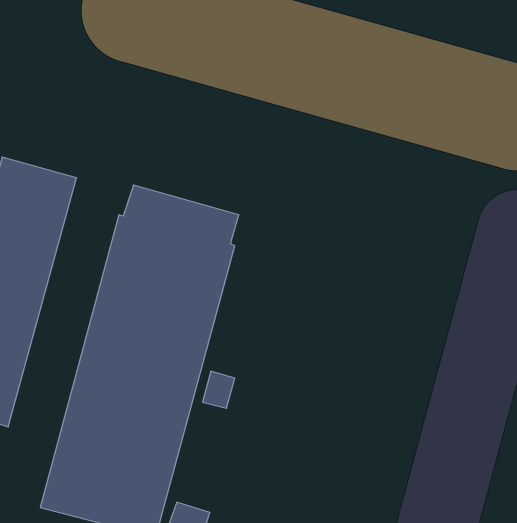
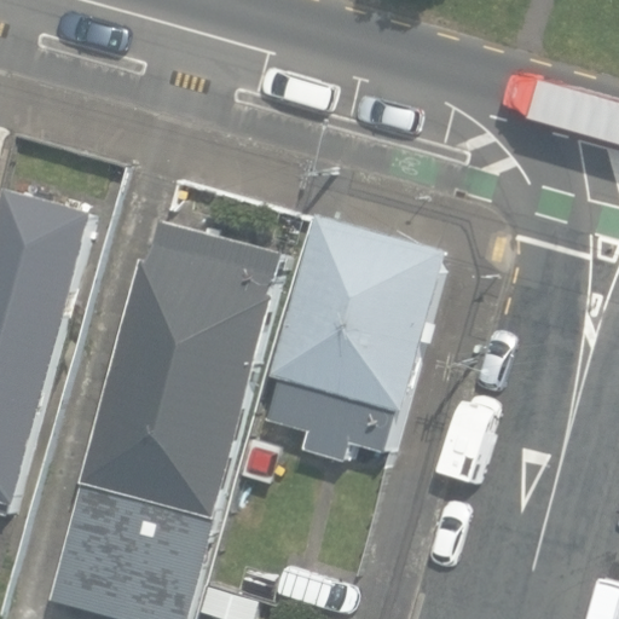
building: none -> [265,215,447,461]

